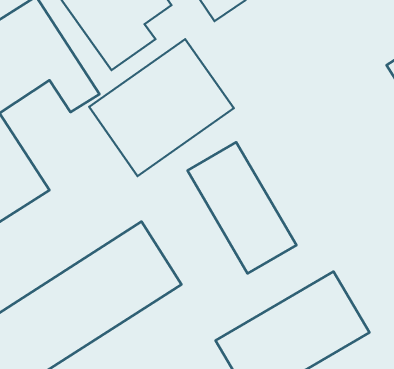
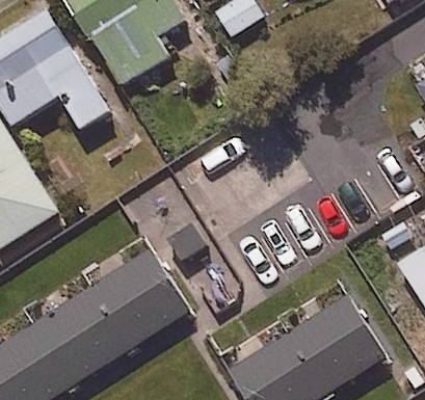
building: [89,39,234,176] -> none
building: [187,142,296,273] -> none

